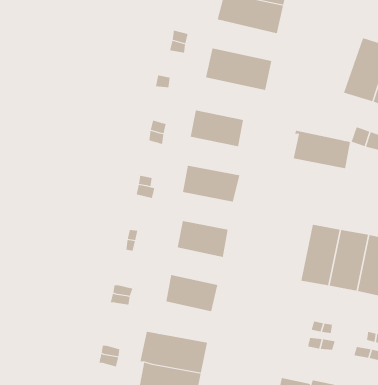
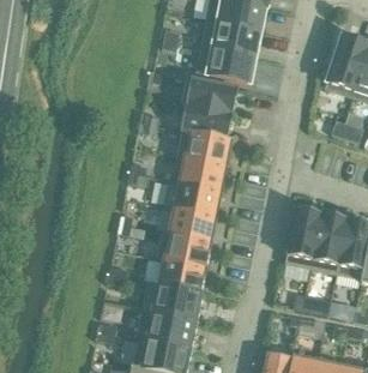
building: none -> [201,19,263,58]
building: none -> [181,77,237,113]
building: [293,130,351,169] -> [179,128,233,164]
building: none -> [165,180,222,215]
building: none -> [156,230,212,266]
building: none -> [140,279,204,320]

